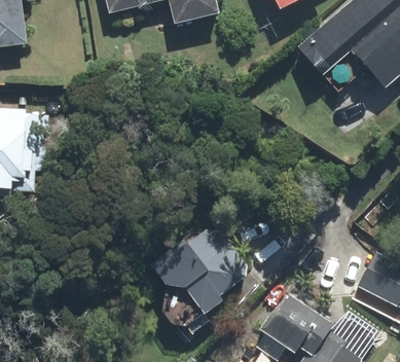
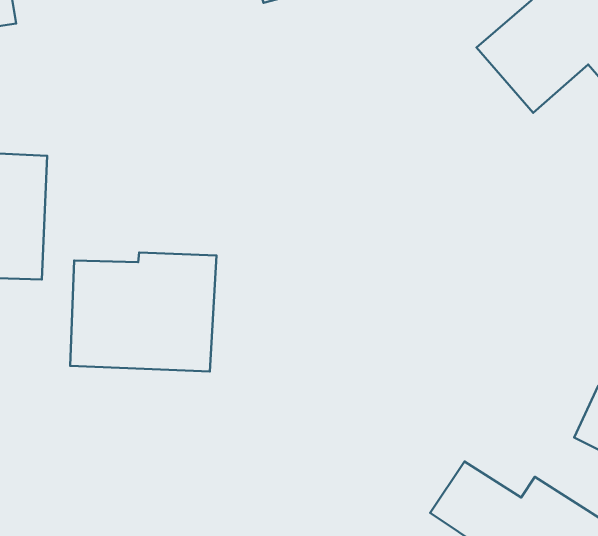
building: none -> [70,253,217,371]
building: [163,227,251,325] -> none

